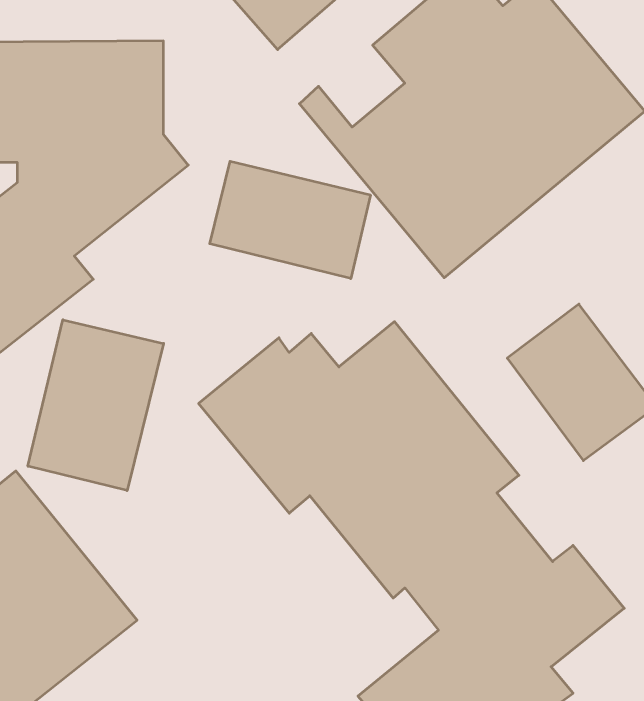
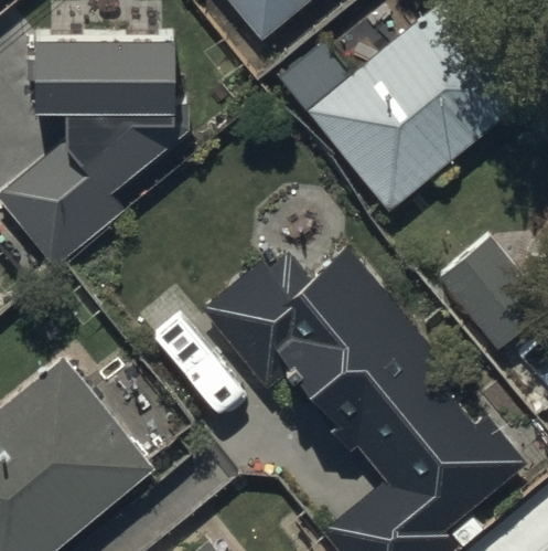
building: [210,161,370,279] -> none
building: [28,320,164,491] -> none

